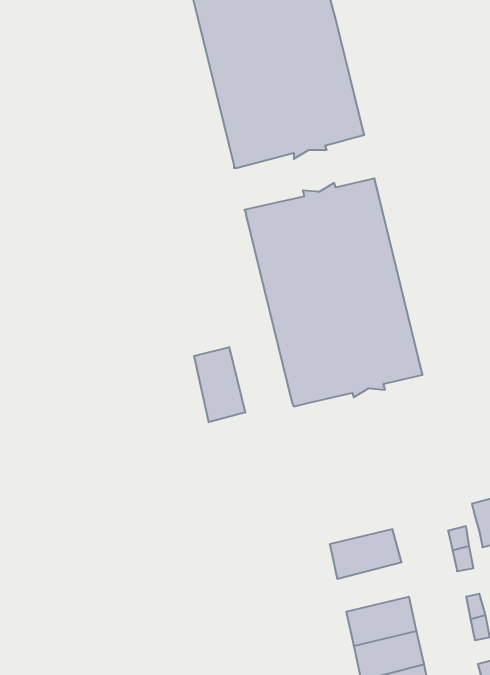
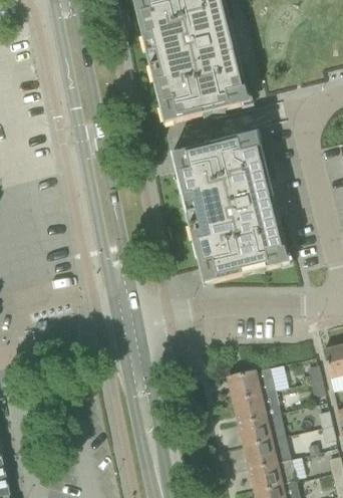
building: [194,347,245,422] -> none
building: none -> [233,388,281,421]

